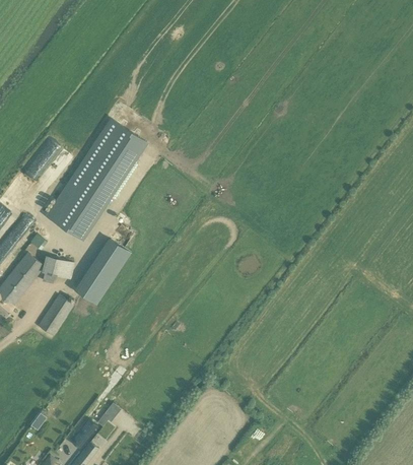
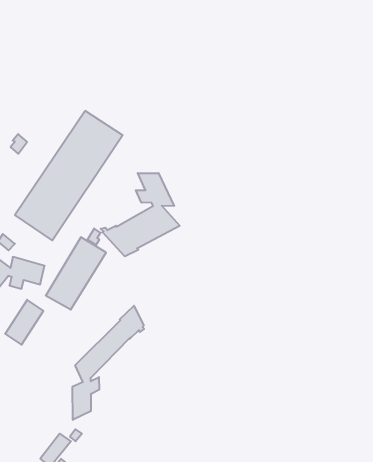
building: none -> [101,173,180,256]
building: none -> [73,306,144,420]

